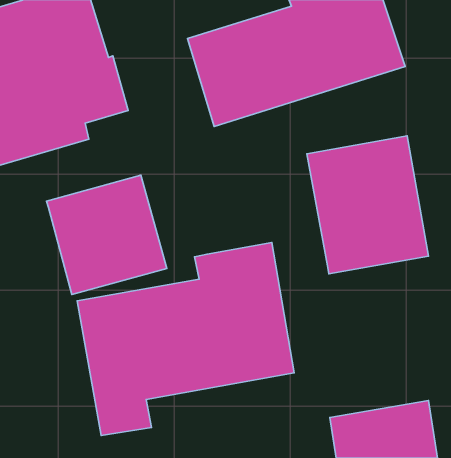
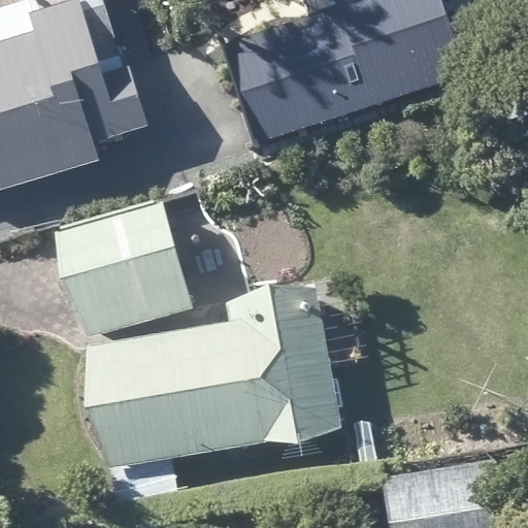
building: [307,136,428,274] -> none

